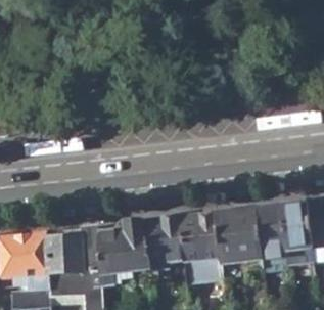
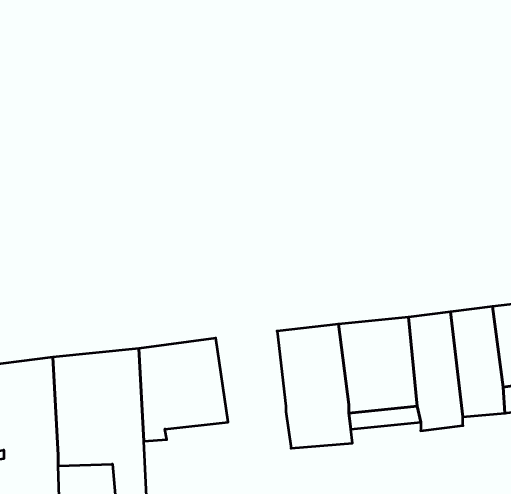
building: [142,214,183,268] -> none

